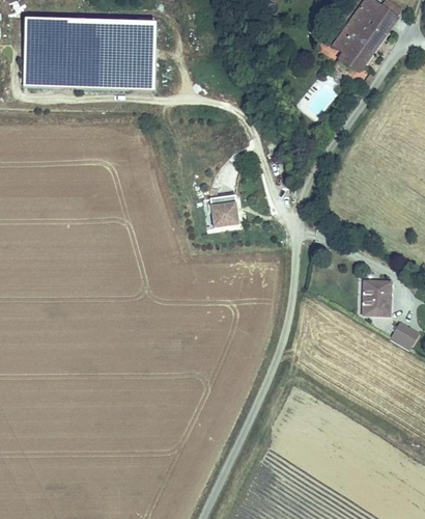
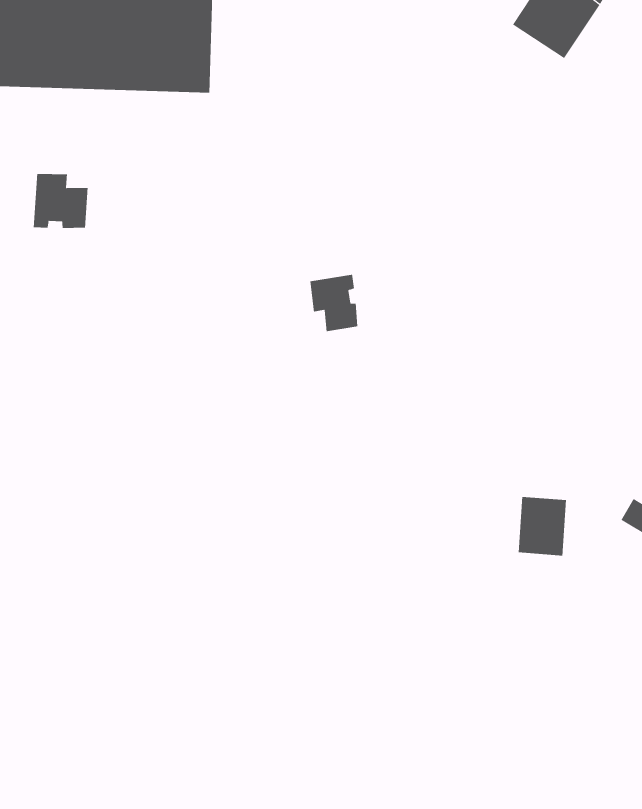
building: none -> [33,173,88,229]
building: [361,279,389,313] -> [518,496,567,556]

